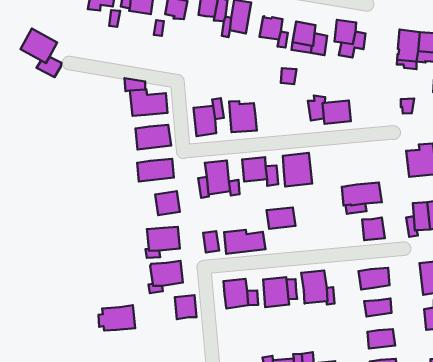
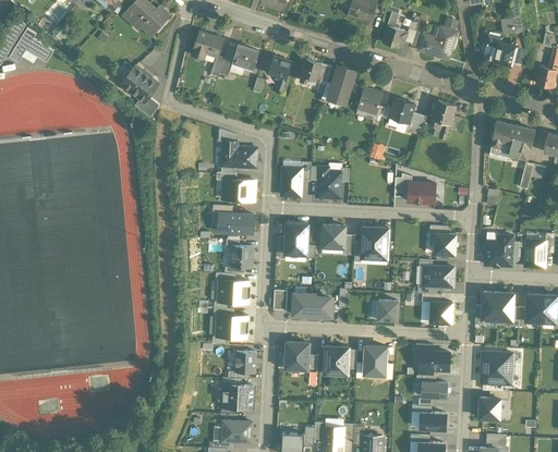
building: none -> [435,233,458,255]
building: [266,207,295,229] -> [372,300,398,319]
building: [99,305,135,331] -> [218,383,254,407]

